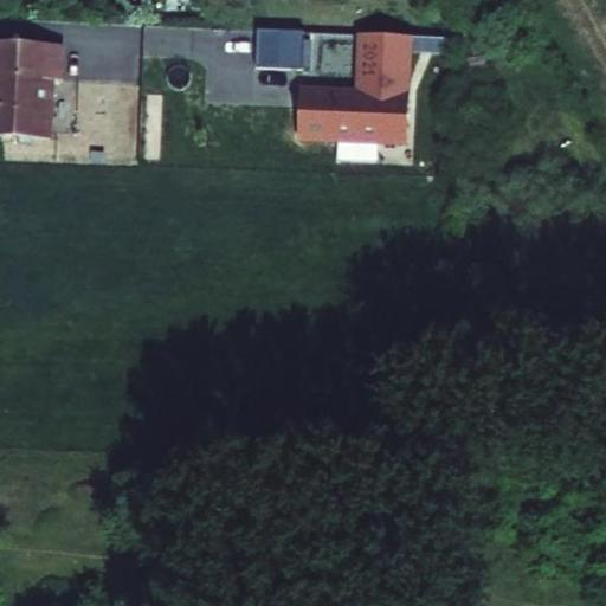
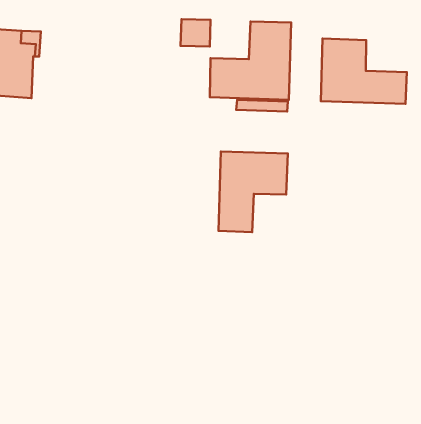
building: none -> [321,39,407,104]
building: none -> [218,151,288,232]

